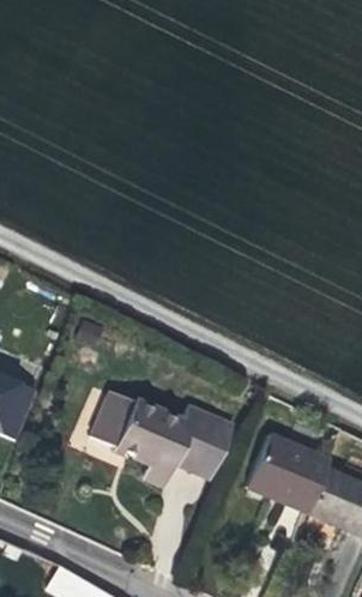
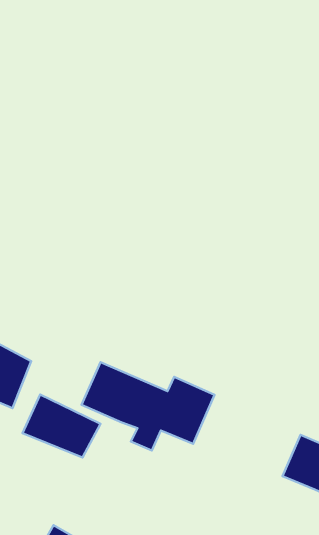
building: none -> [22,394,100,457]
building: [246,434,328,512] -> none

